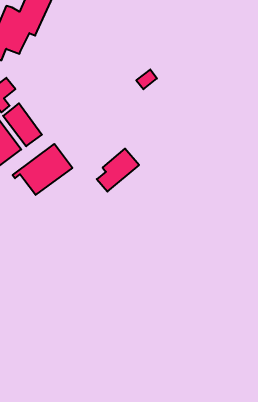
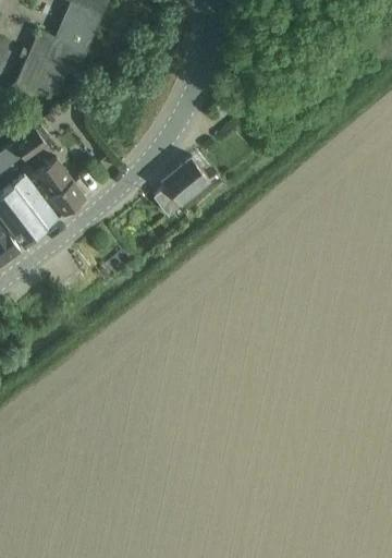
building: [13,144,72,195] -> none
building: [97,149,139,192] -> [154,156,209,213]

